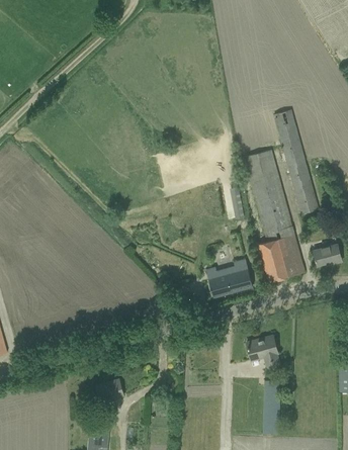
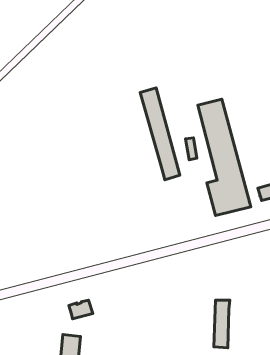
building: [272,109,318,214] -> [140,88,180,180]
building: [205,259,252,296] -> none
building: [246,335,279,368] -> none

